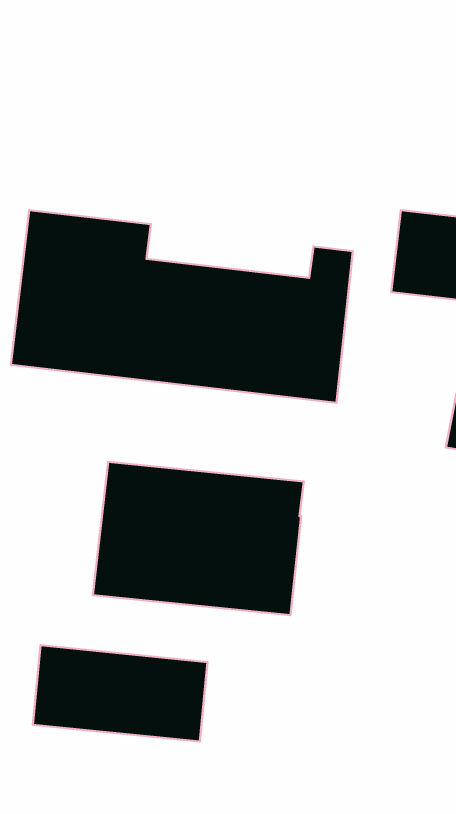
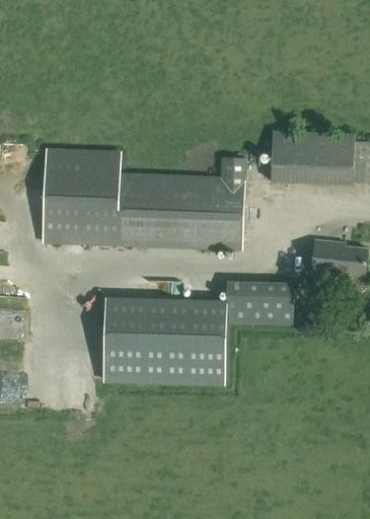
building: none -> [225,281,293,324]
building: [33,645,208,742] -> none

